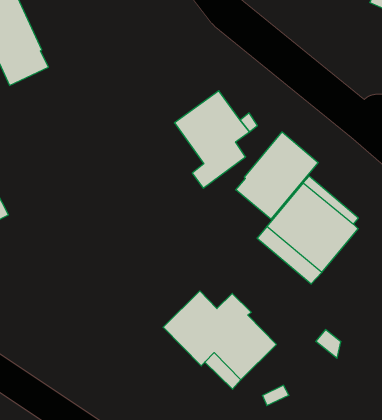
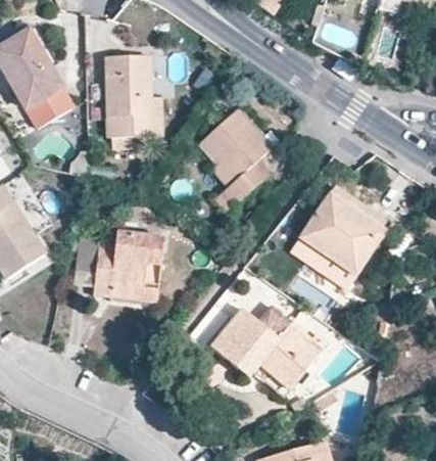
building: none -> [105,54,161,137]
building: [236,132,318,219] -> none
building: none -> [72,229,163,302]

